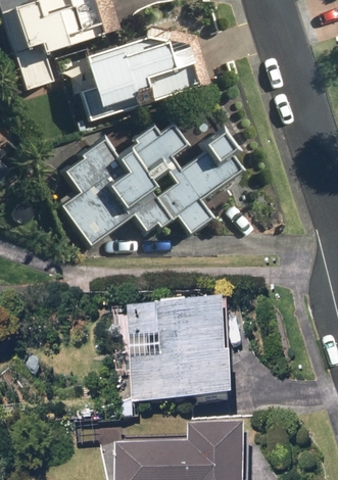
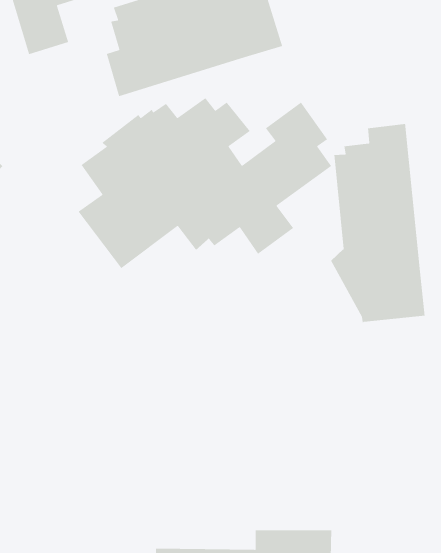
building: none -> [330,123,426,324]
building: [130,301,232,403] -> none

